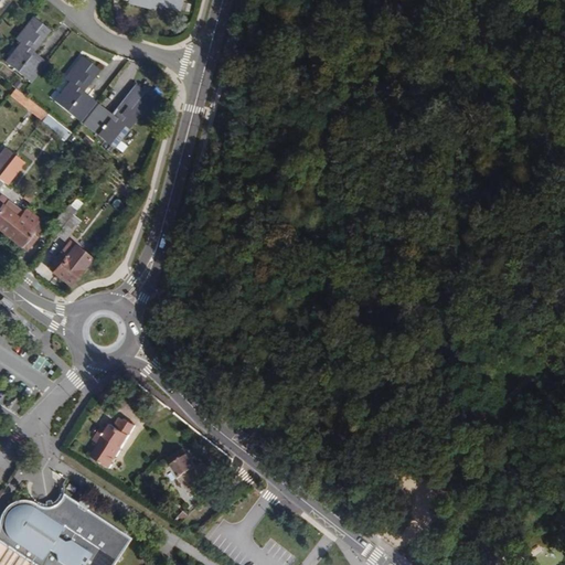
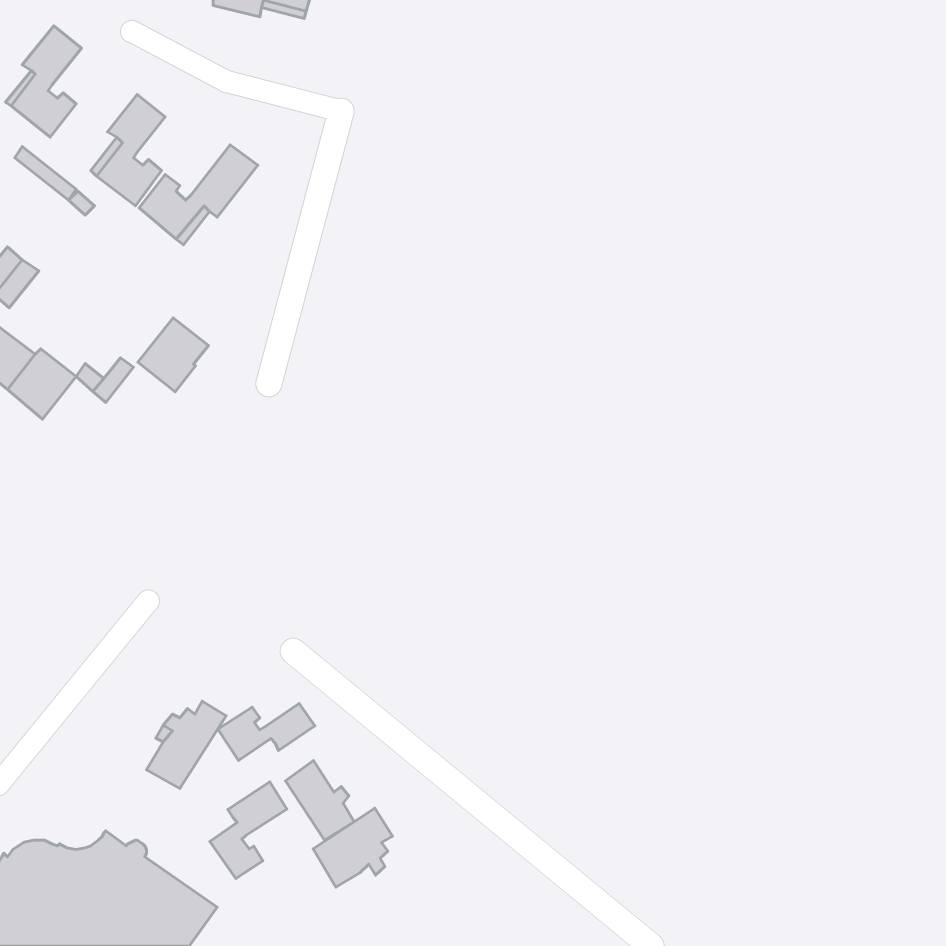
building: [47,241,89,285] -> [138,318,208,392]
building: none -> [218,703,315,760]
building: none -> [210,782,287,878]
building: none -> [313,808,393,887]

